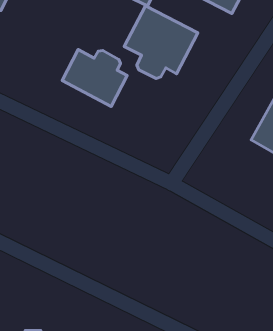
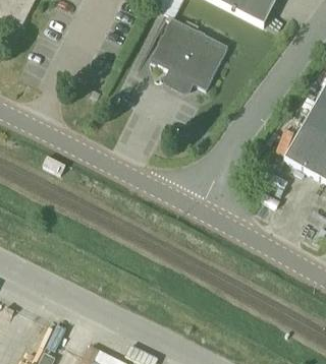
building: [62,50,127,106] -> none

